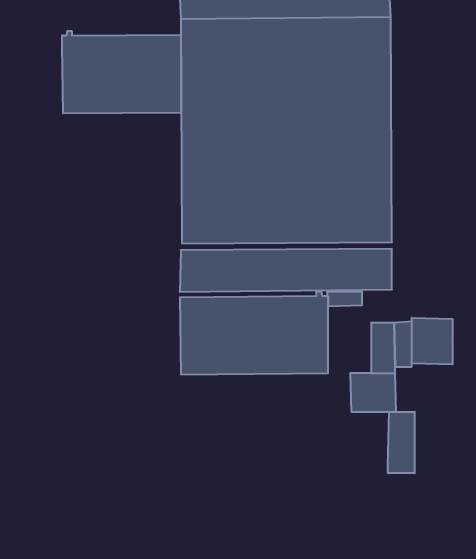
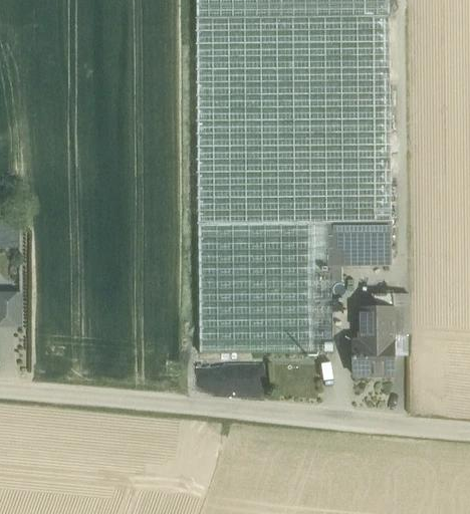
building: [62,31,181,113] -> none
building: [412,318,452,365] -> none
building: [388,412,415,473] -> none

